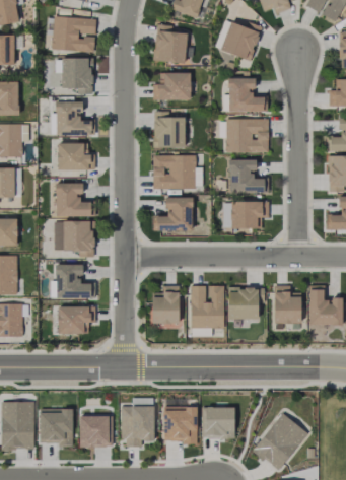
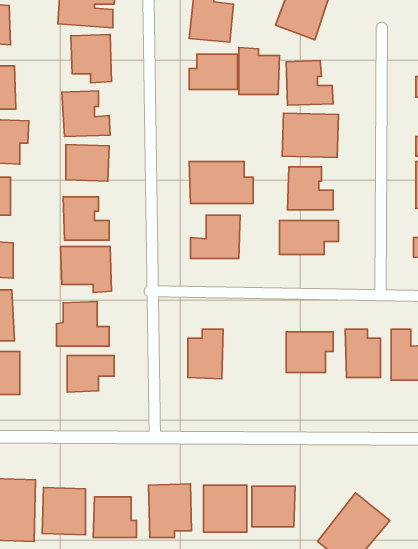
building: [154,111,186,147] -> [239,47,280,95]
building: [191,285,224,328] -> none

